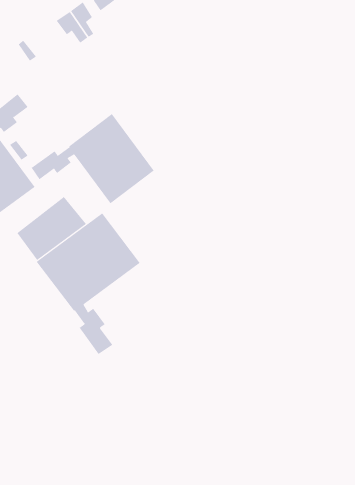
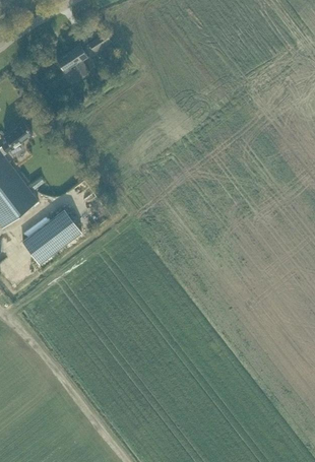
building: [31,113,154,204] -> none
building: [36,212,141,355] -> none

